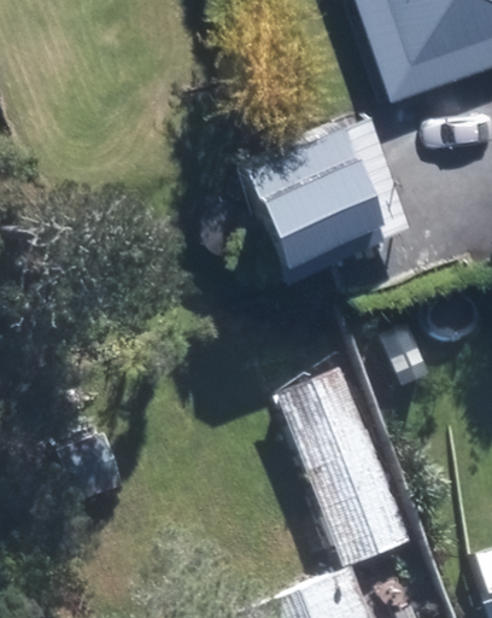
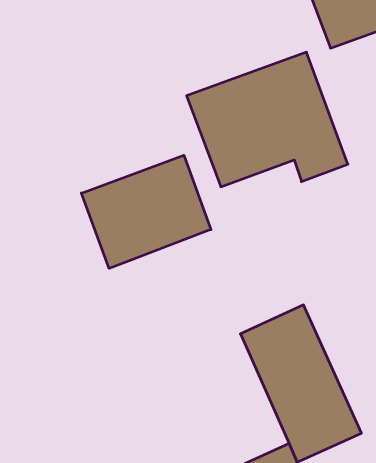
building: none -> [81,155,211,268]

